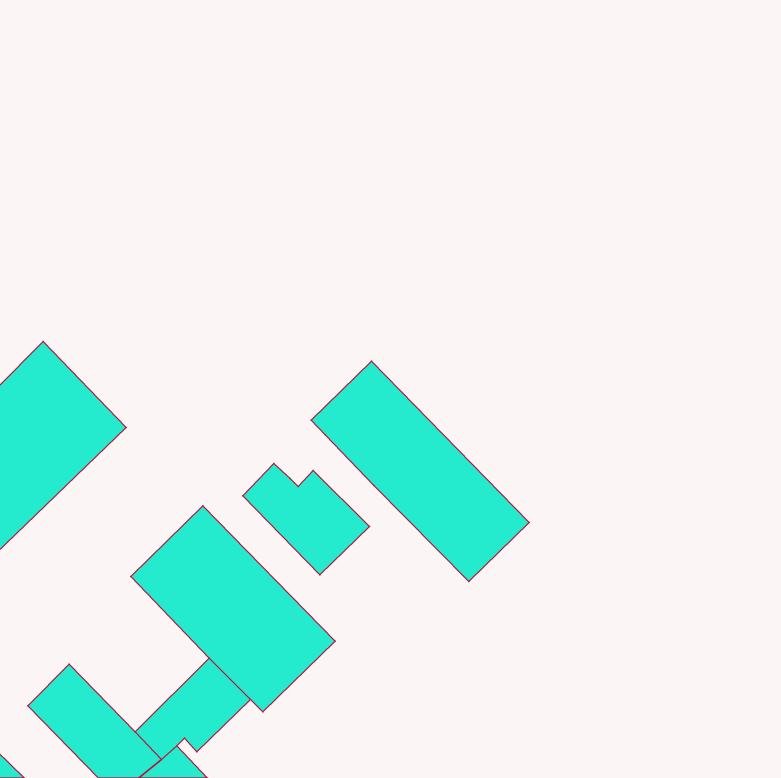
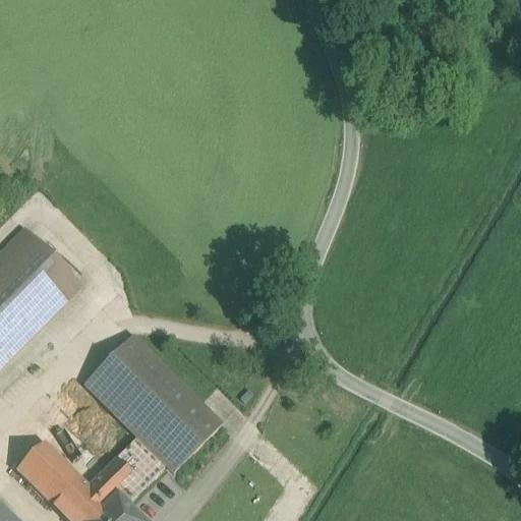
building: [311,361,529,581] -> none
building: [243,464,370,575] -> none

